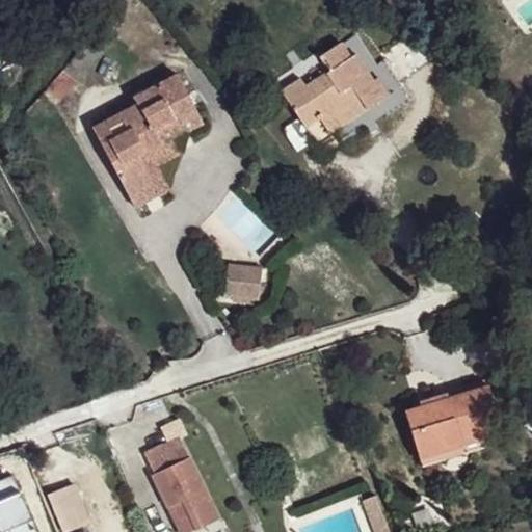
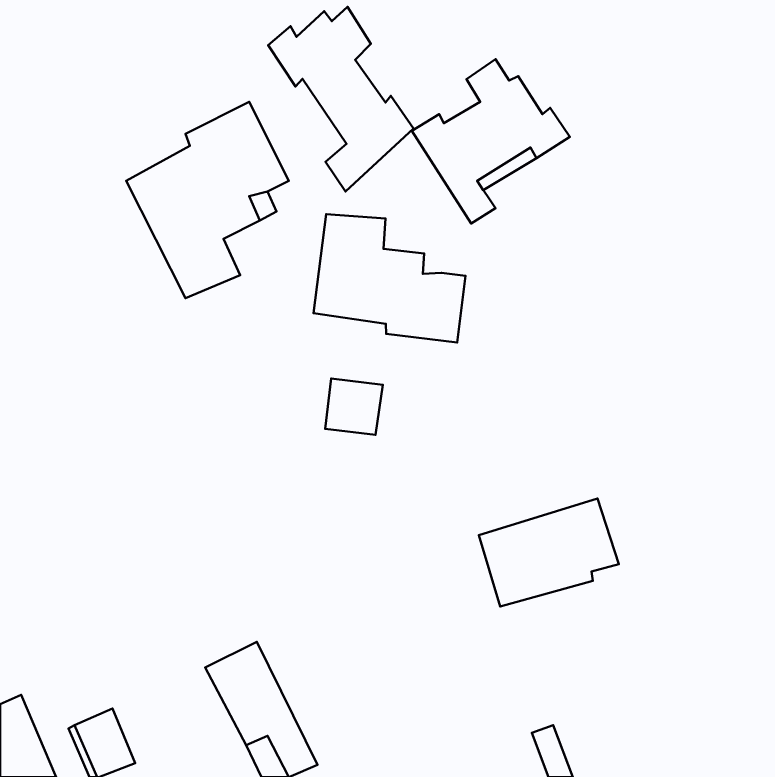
building: none -> [268,7,413,192]
building: none -> [314,214,465,342]
building: [406,387,502,460] -> [479,499,619,607]

